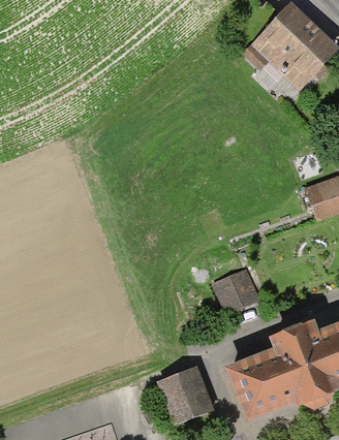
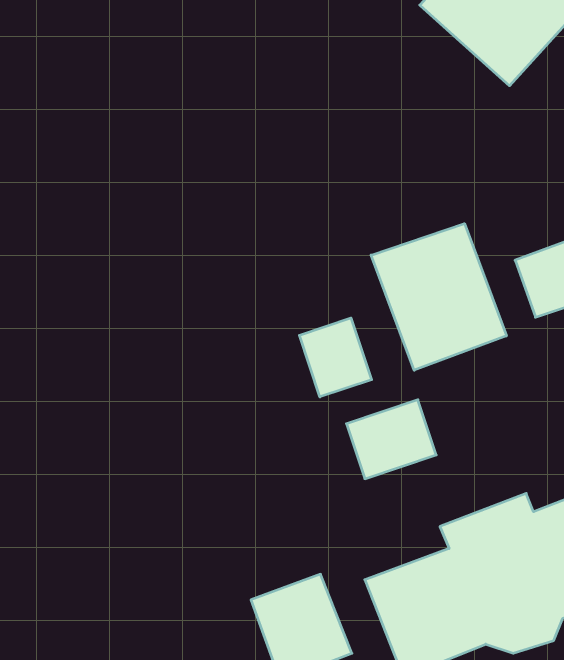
building: none -> [371,224,506,370]
building: none -> [299,318,372,397]

